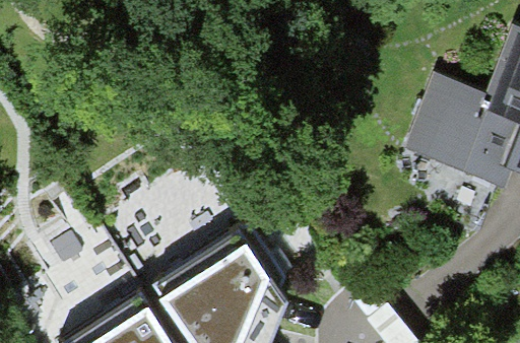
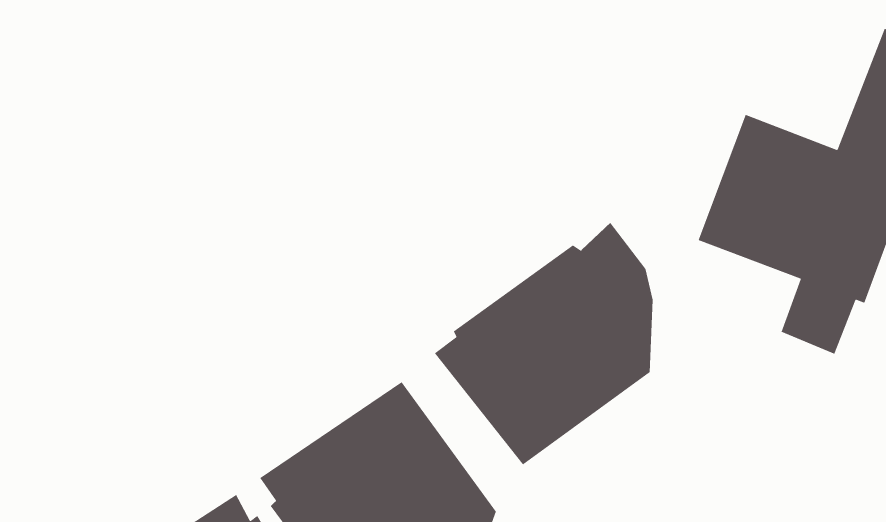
building: none -> [434,222,653,465]

